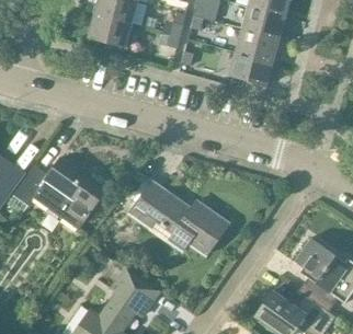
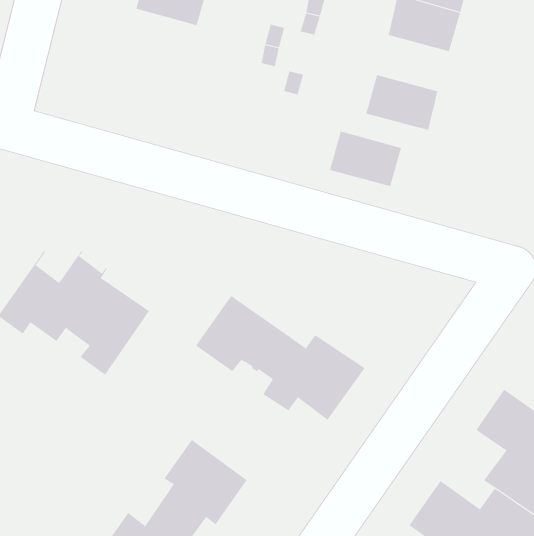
building: [88,14,130,47] -> none
building: [236,30,278,62] -> [329,131,402,187]

